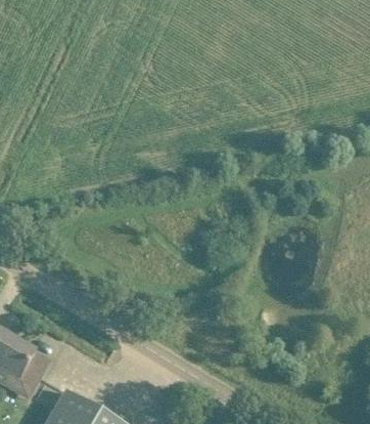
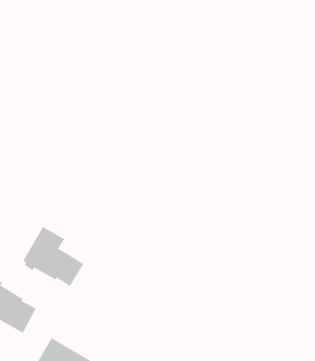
building: none -> [23,226,84,287]

